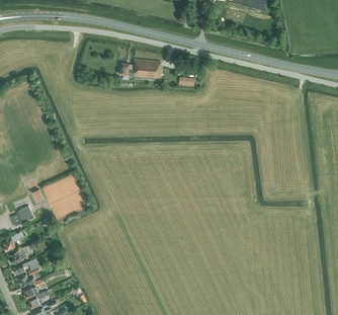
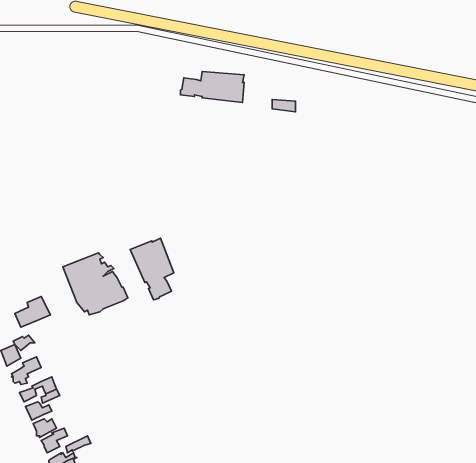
building: none -> [130,238,174,300]

